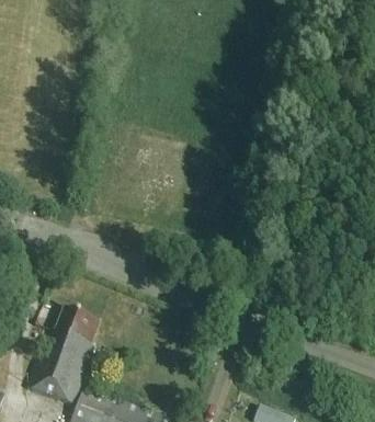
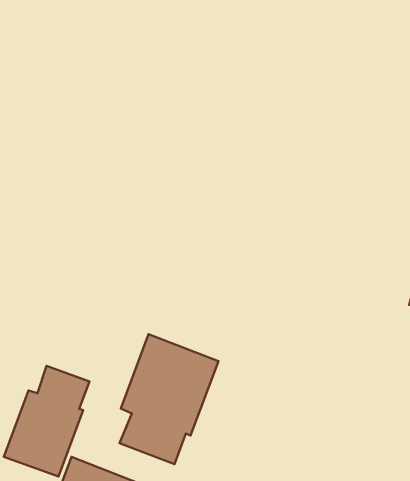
building: none -> [119,334,218,464]

